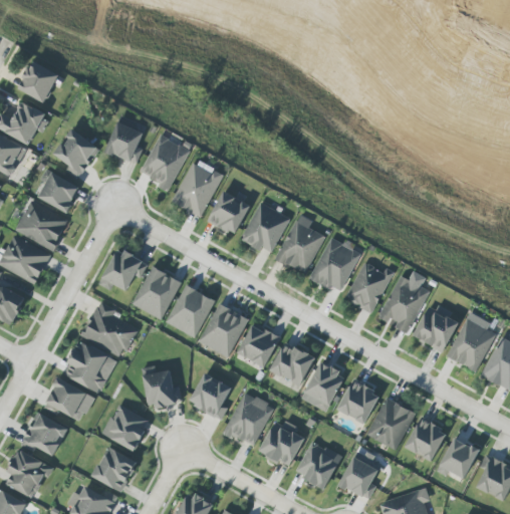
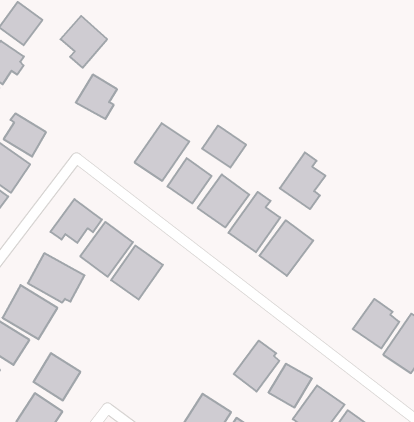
building: [53,128,99,180] -> [60,16,107,68]
building: [141,135,189,189] -> none
building: none -> [202,126,246,168]
building: none -> [280,152,325,209]
building: [345,262,393,313] -> none
building: [380,276,429,334] -> none
building: [199,303,248,357] -> none
building: [239,323,279,366] -> none
building: [270,343,314,386] -> none
building: [144,369,178,410] -> none
building: [189,372,232,421] -> none
building: [223,392,274,446] -> none

